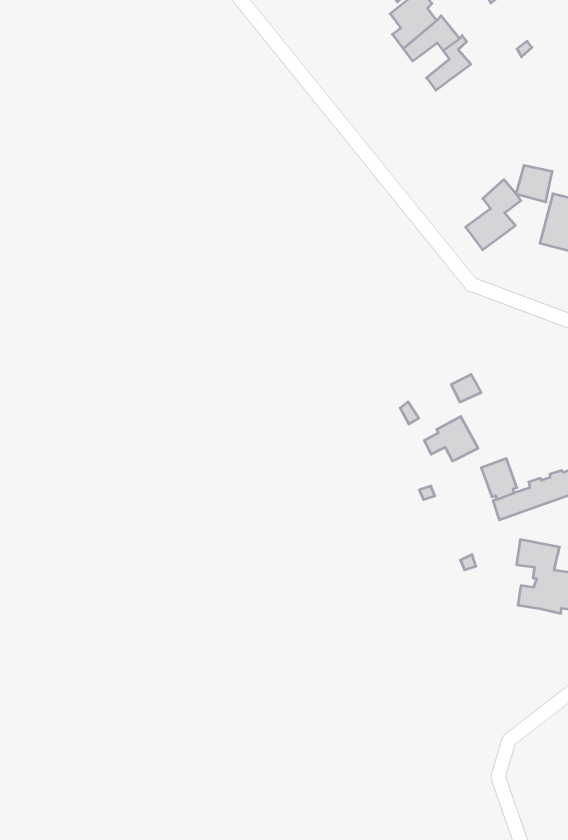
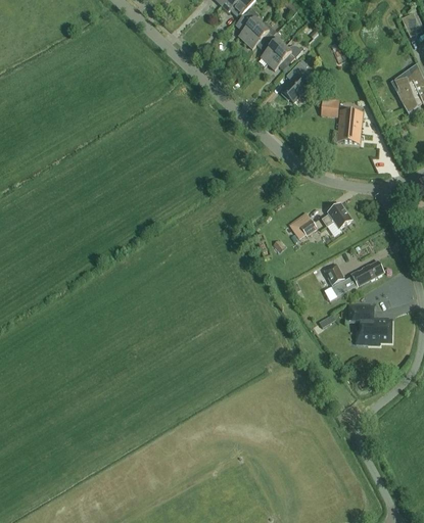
building: none -> [267,45,301,70]
building: [466,180,521,250] -> [281,61,310,102]
building: [424,416,478,461] -> [321,203,351,229]

